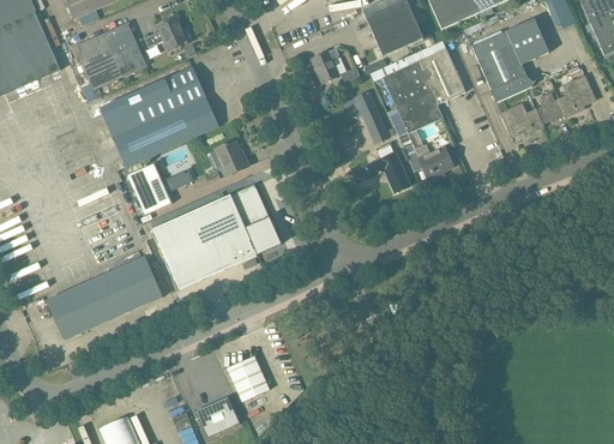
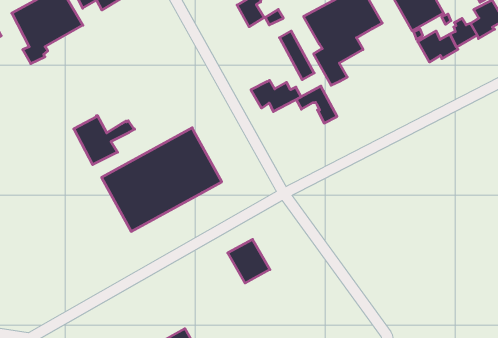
building: [101,66,218,166] -> none
building: [216,139,247,174] -> none
building: [405,143,458,176] -> [251,80,301,112]
building: [46,256,162,338] -> none
building: [227,355,270,401] -> [228,239,270,283]

